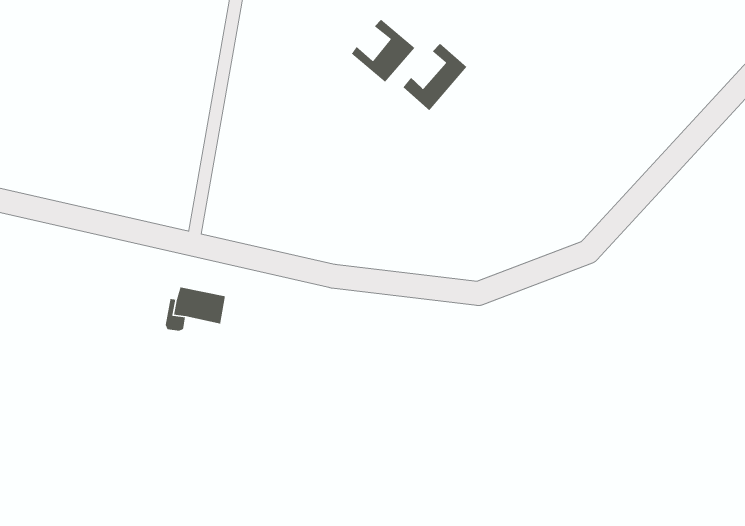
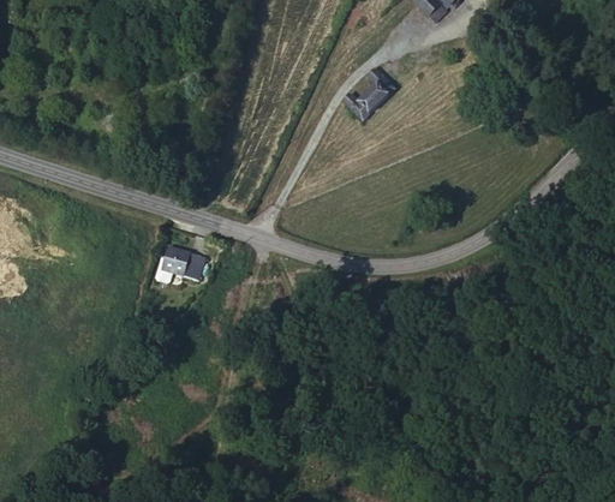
building: [351,19,415,83] -> none

